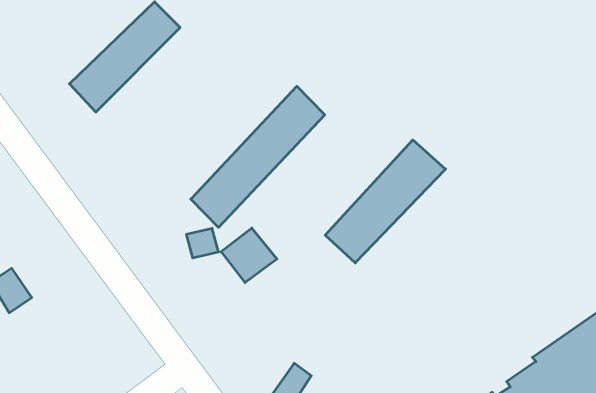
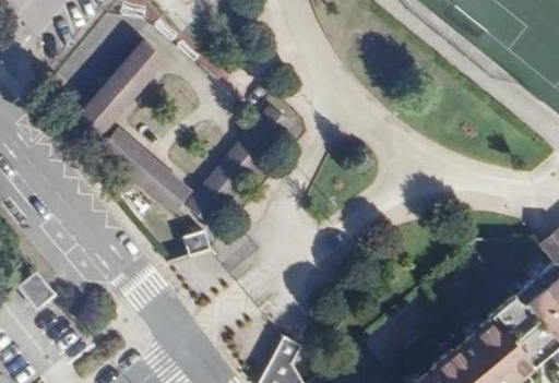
building: none -> [98,123,195,211]
building: [325,140,446,263] -> none

